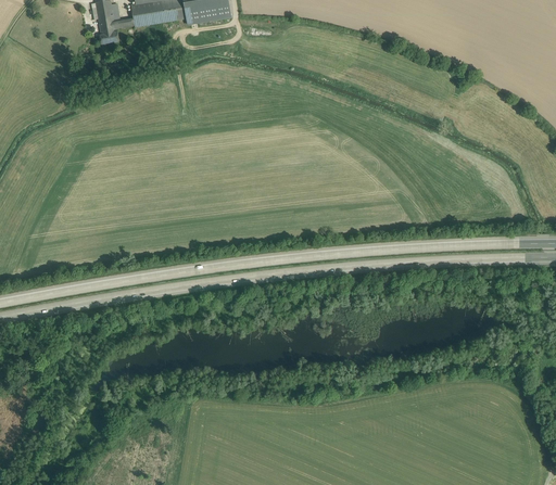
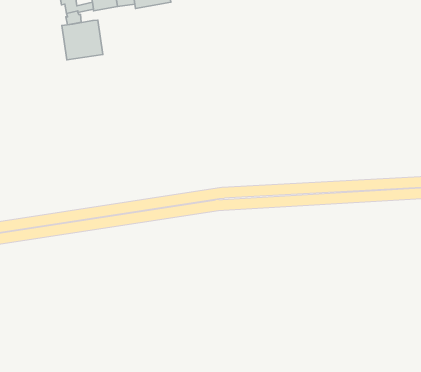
building: none -> [62,20,103,60]

